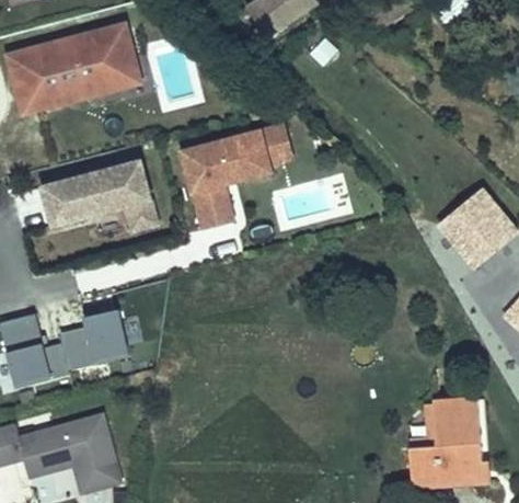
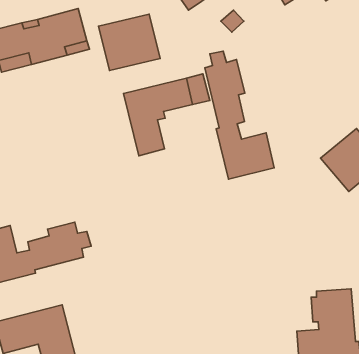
building: none -> [99,14,160,71]
building: none -> [205,51,274,179]
building: [47,167,161,237] -> none

